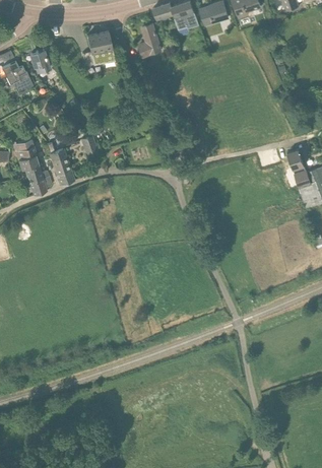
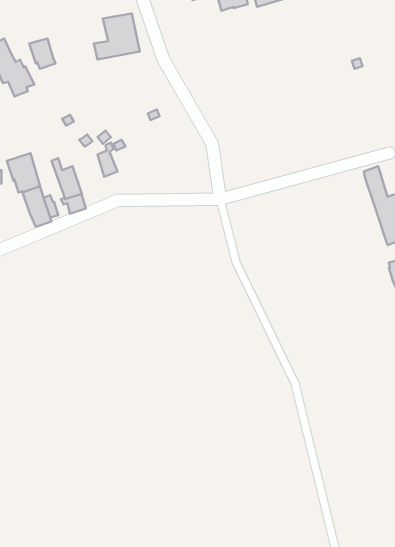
building: [139,23,160,55] -> none

